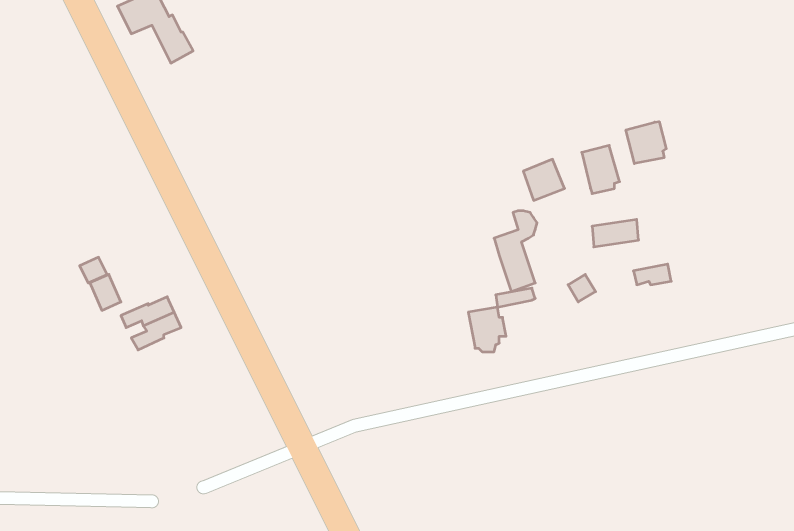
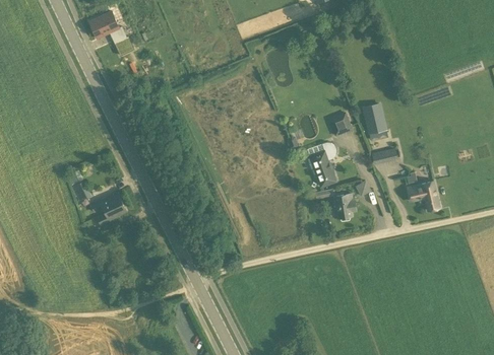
building: [626,122,666,164] -> none
building: none -> [408,182,439,210]
building: [468,307,506,352] -> [333,194,356,220]

